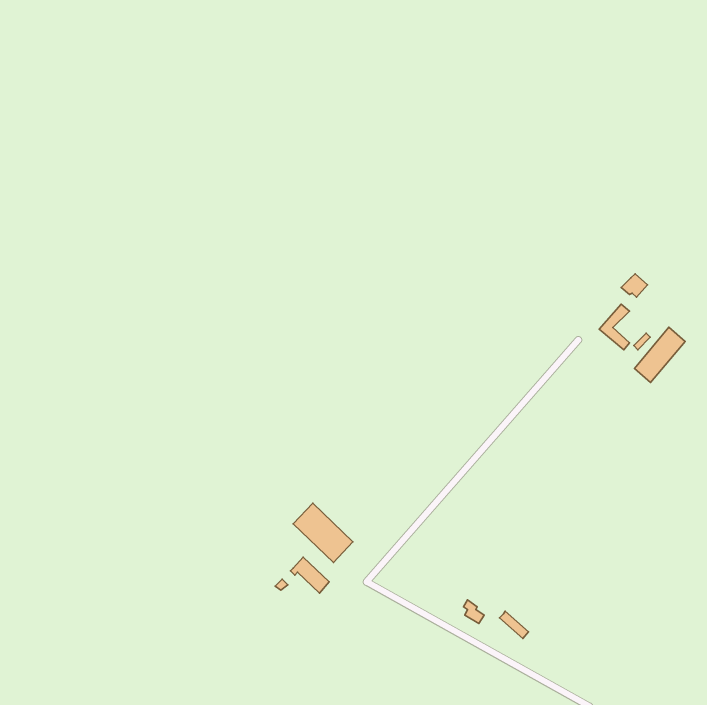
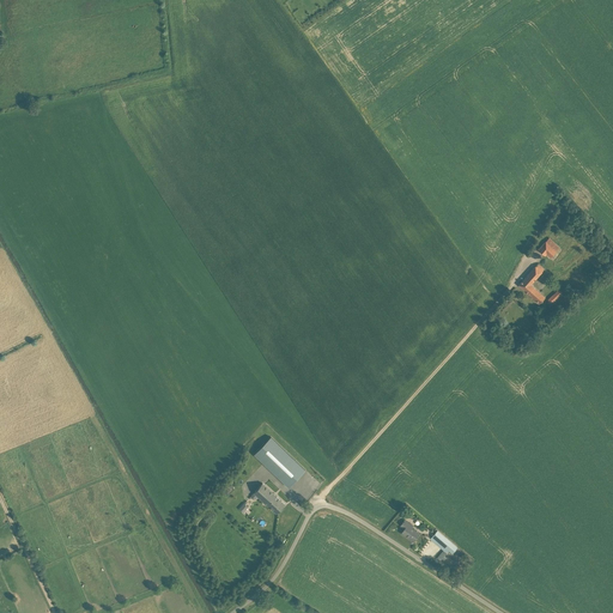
building: [634,327,685,383] -> none

